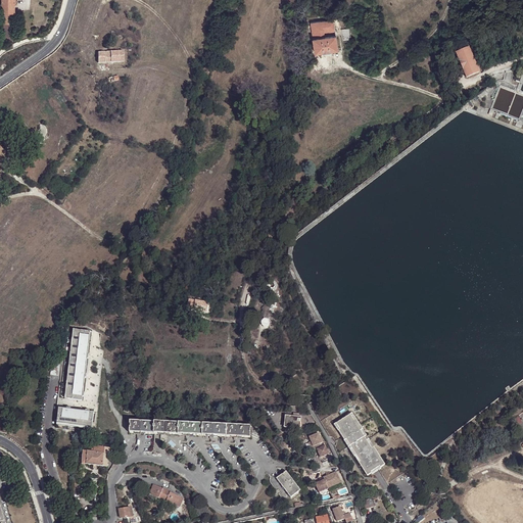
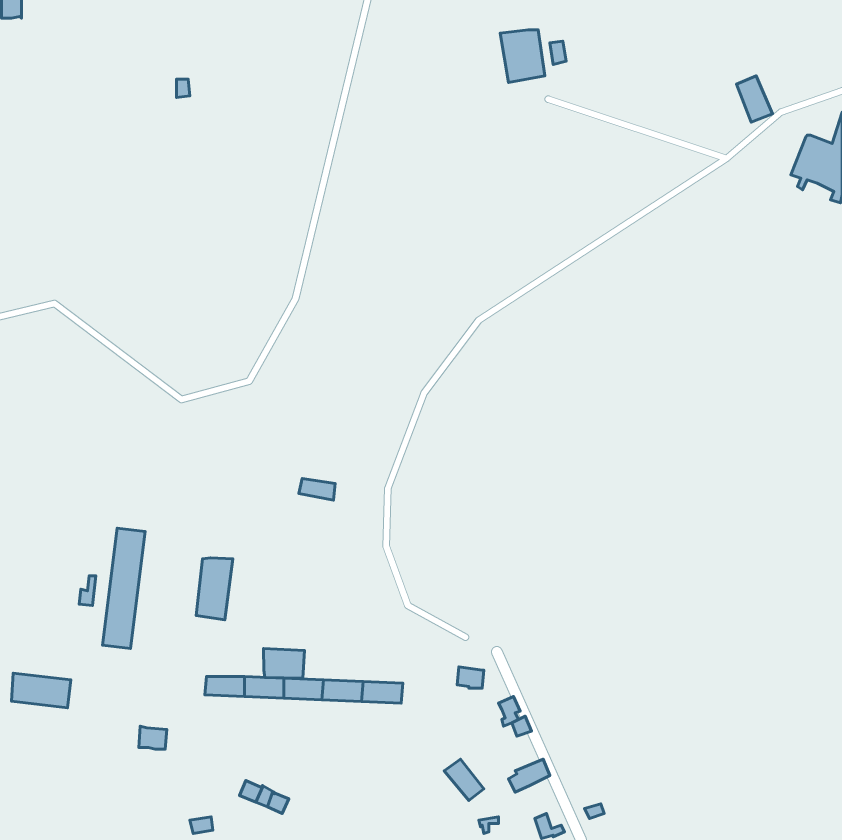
building: none -> [196,558,233,620]
building: none -> [264,649,305,678]
building: [56,407,93,428] -> [11,673,71,708]
building: [335,412,383,474] -> none

